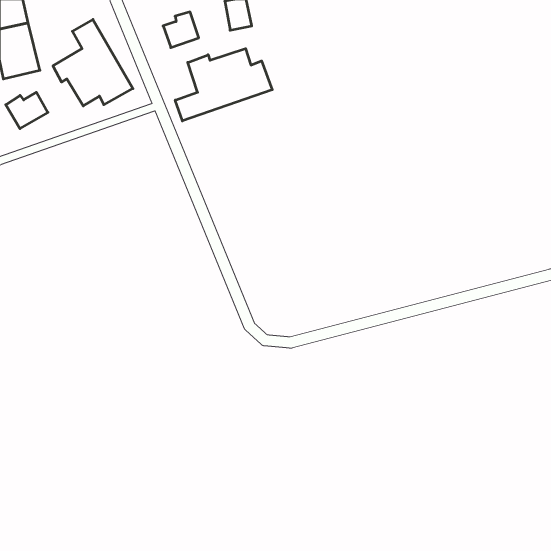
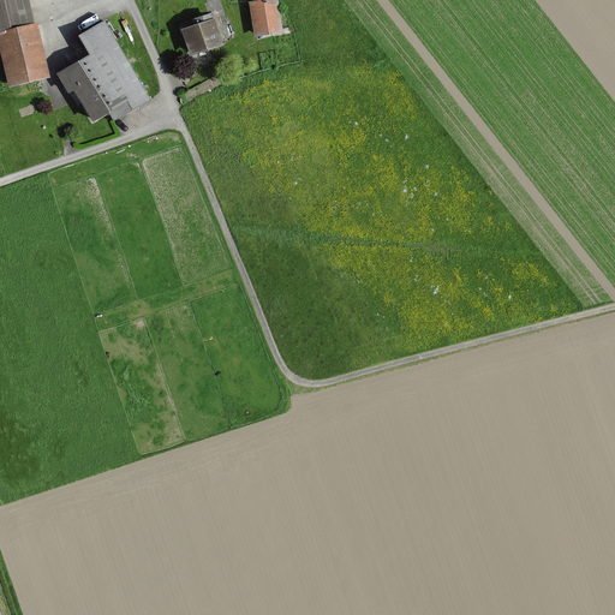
building: [175,49,272,121] -> none
building: [6,92,48,129] -> none

